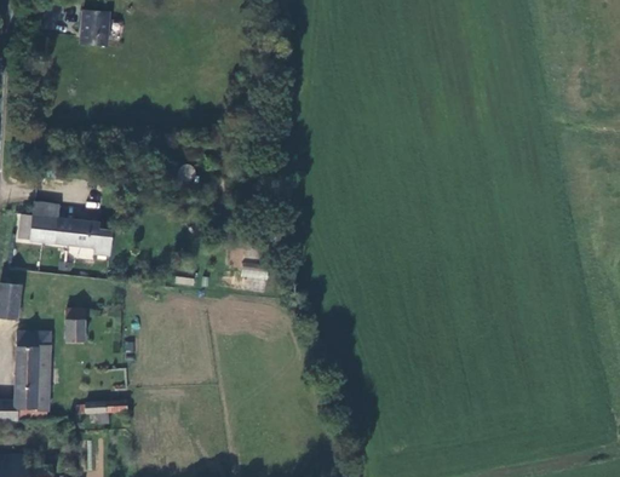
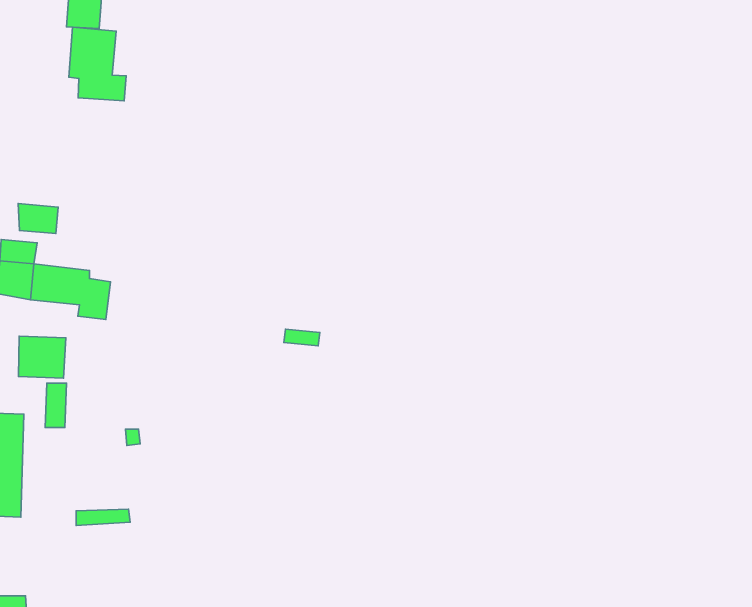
building: none -> [69,27,126,101]
building: none -> [18,203,58,234]
building: none -> [18,336,66,378]

